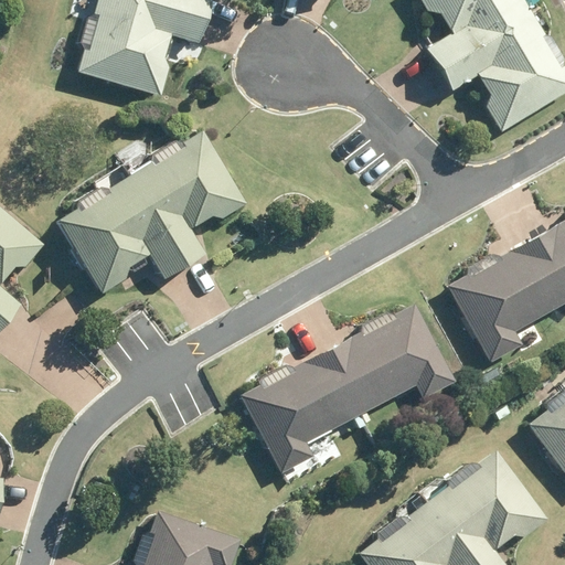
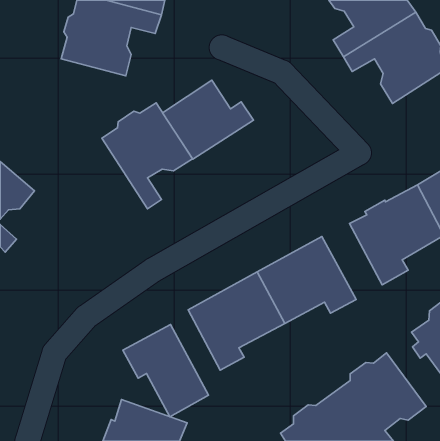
building: none -> [163,80,253,159]
building: [57,177,190,295] -> none
building: none -> [123,325,208,417]

